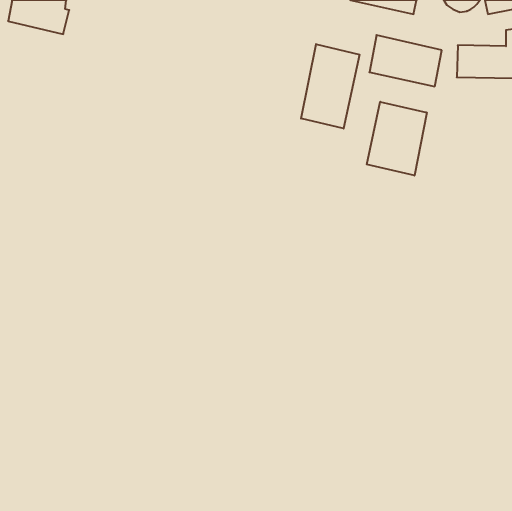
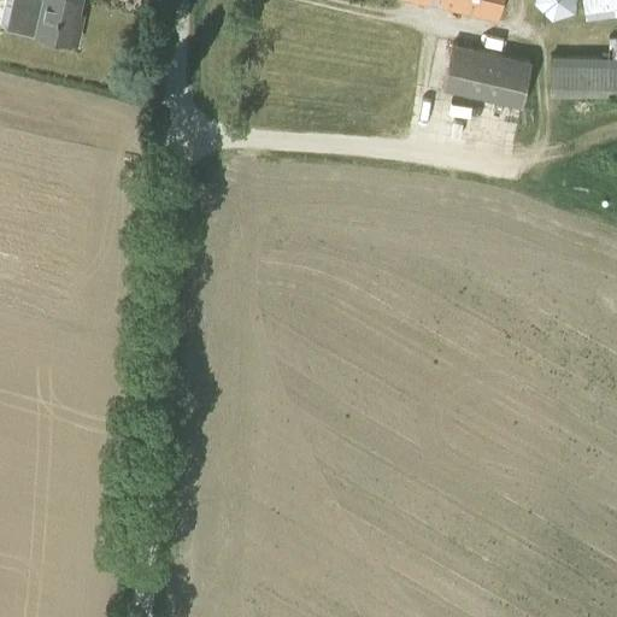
building: [301,44,360,129] -> none
building: [367,102,427,176] -> none

